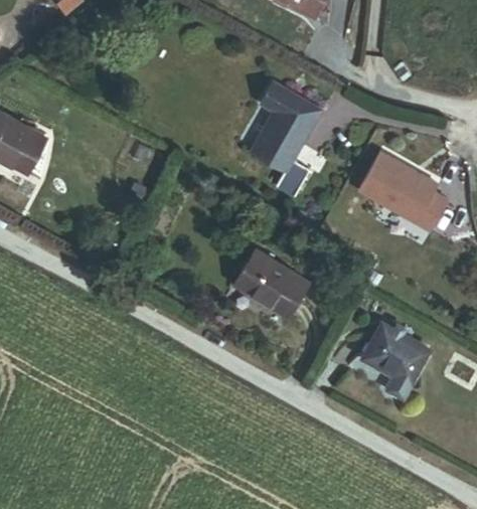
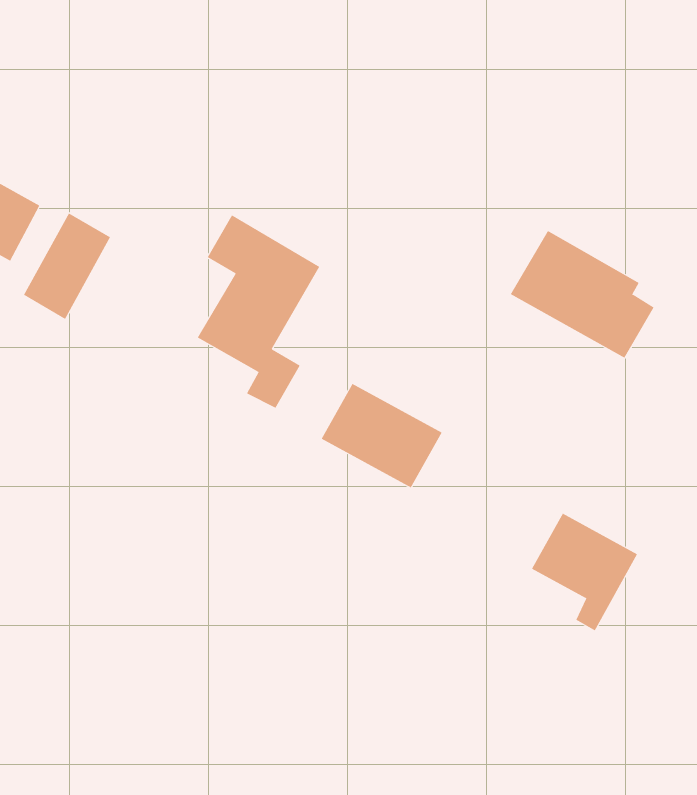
building: [249,80,324,199] -> [197,214,320,408]
building: none -> [23,213,111,320]

